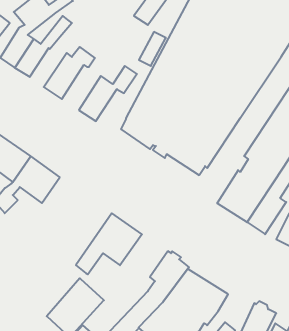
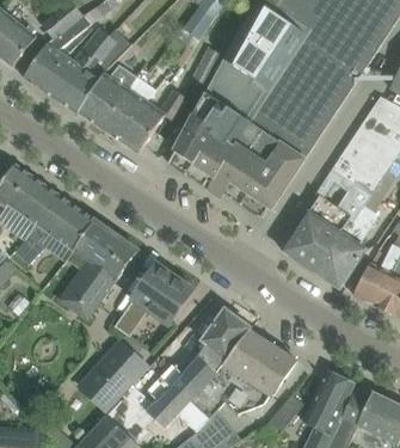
building: none -> [60,29,128,112]
building: none -> [98,86,144,140]
building: none -> [62,220,139,321]

